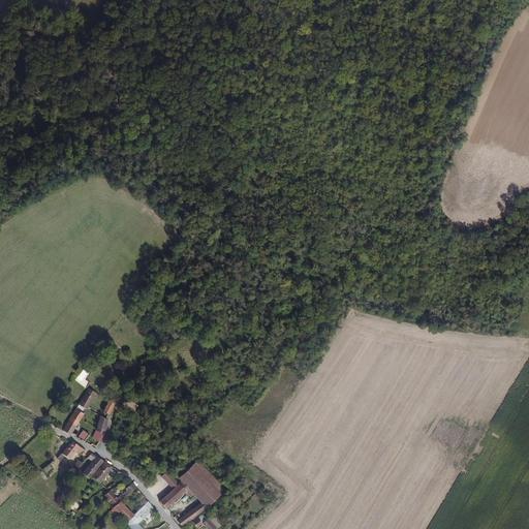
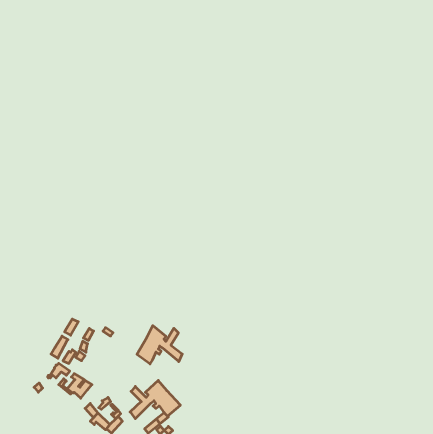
building: none -> [137,326,182,364]

